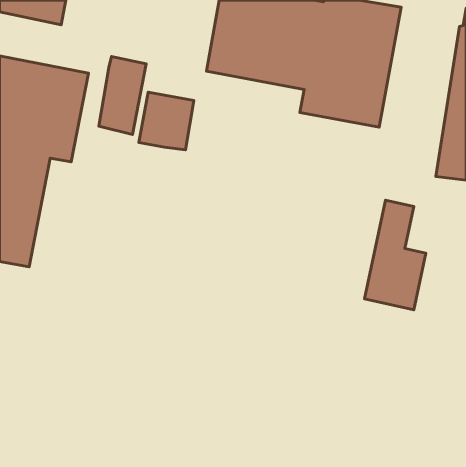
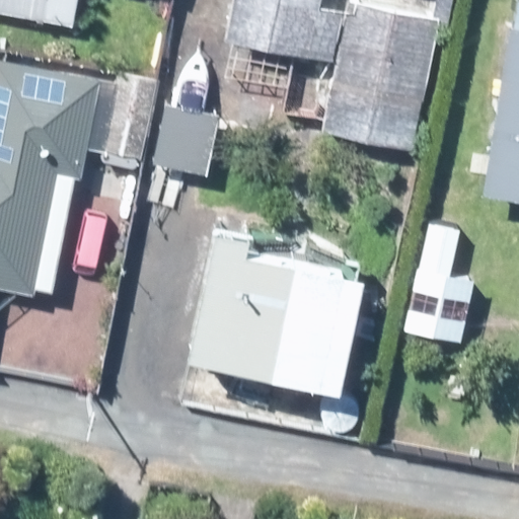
building: none -> [191,236,369,388]

